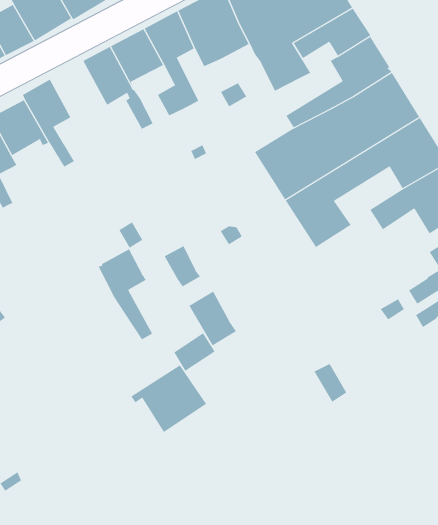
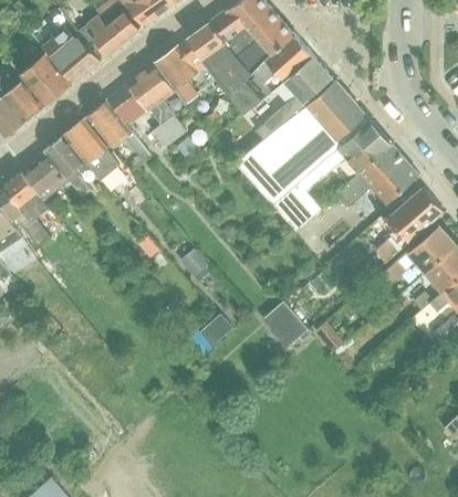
building: none -> [63,118,119,180]
building: [98,249,153,340] -> none
building: [188,291,237,346] -> [266,300,308,345]
building: [131,364,207,433] -> none

